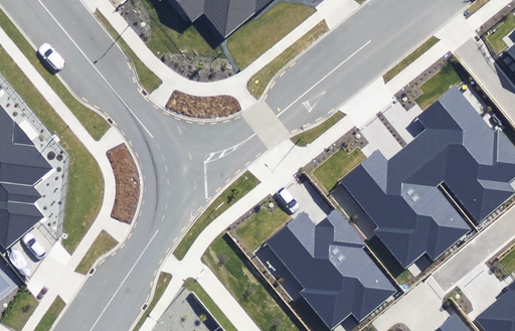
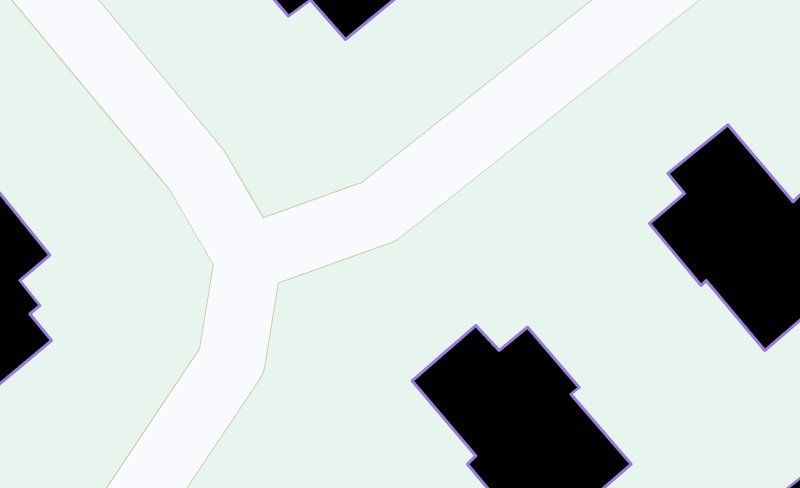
building: [341,147,473,268] -> none

